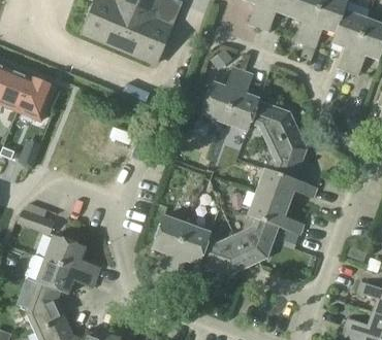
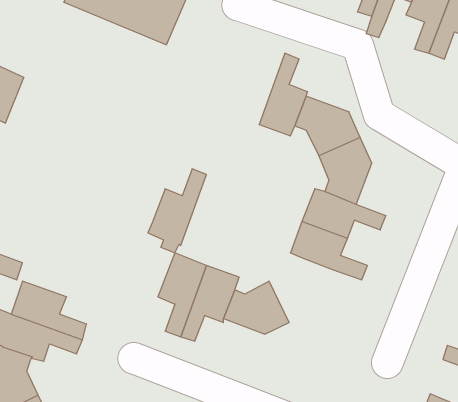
building: [200,66,243,127] -> [148,169,206,253]
building: [231,217,278,265] -> none

